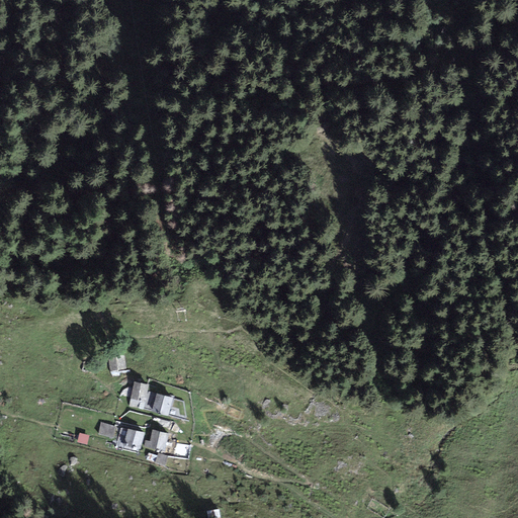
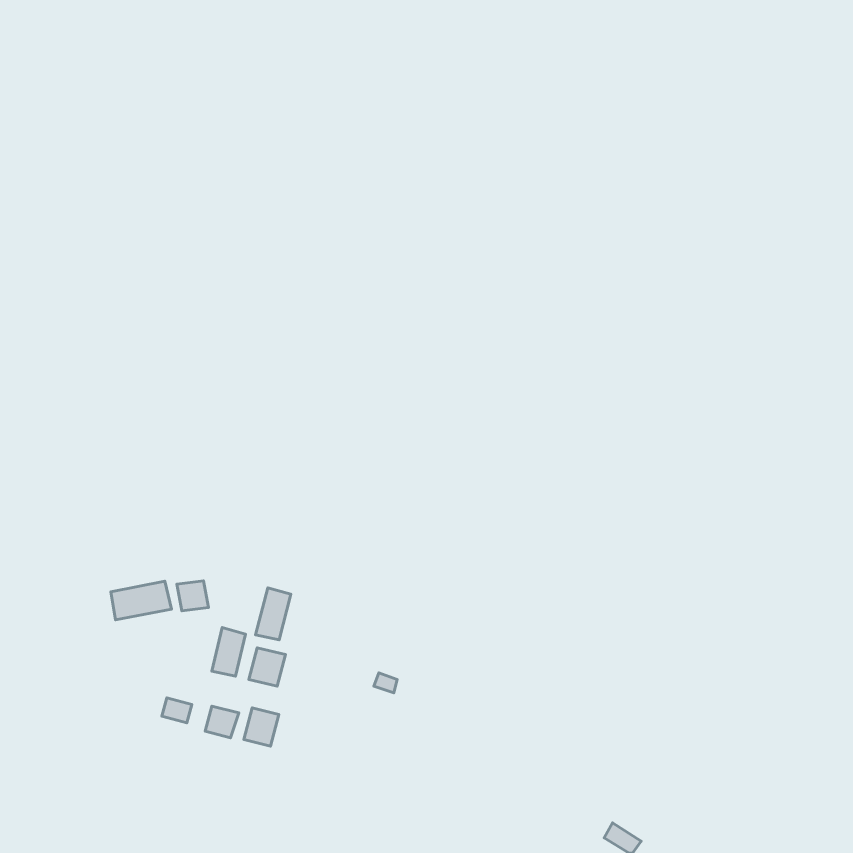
building: none -> [111,581,172,620]
building: none -> [256,588,291,640]

